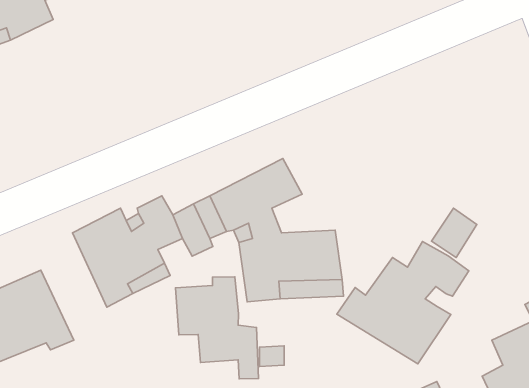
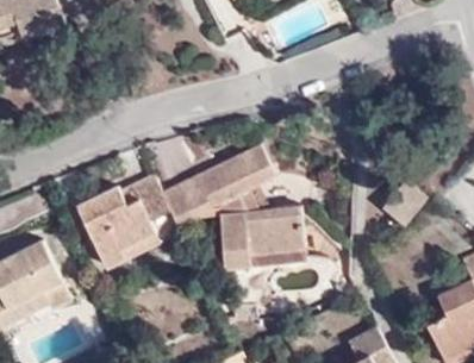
building: [337,241,469,364] -> none
building: [176,277,259,379] -> none

